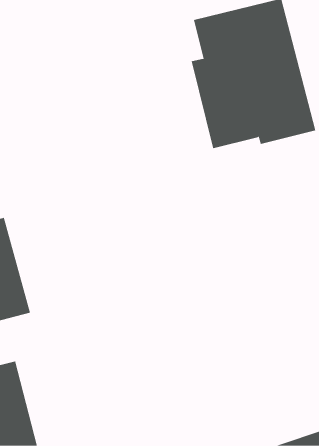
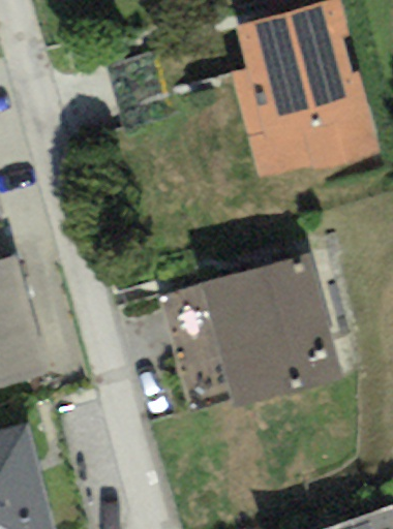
building: none -> [201,255,339,407]

